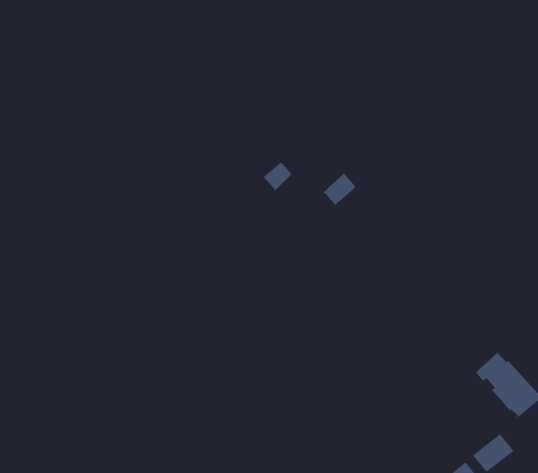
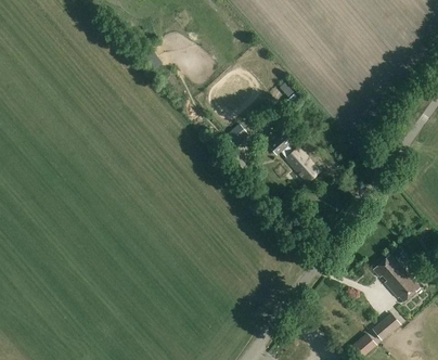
building: none -> [284,146,321,184]

